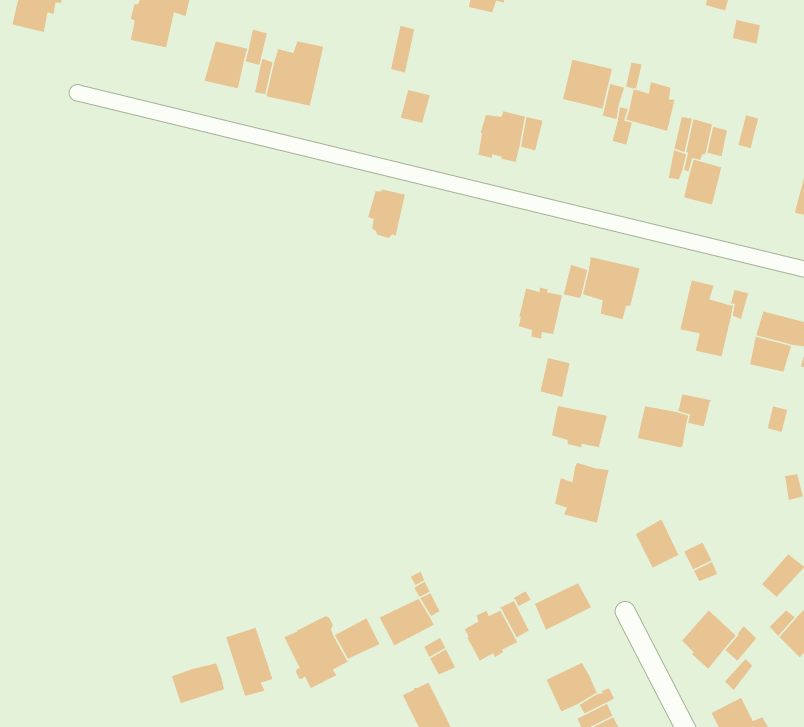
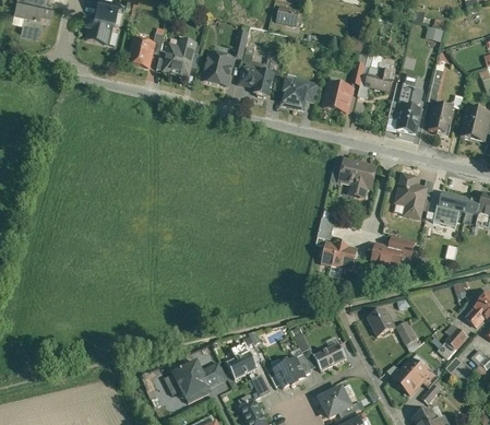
building: [562,59,613,109] -> [324,83,352,111]
building: none -> [203,51,234,85]
building: none -> [429,102,454,132]
building: [367,188,406,239] -> [252,68,274,96]
building: [518,286,563,339] -> none
building: [554,462,609,524] -> none
building: [171,662,225,704] -> none

